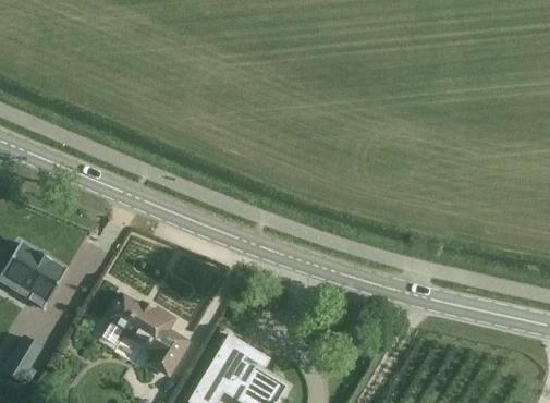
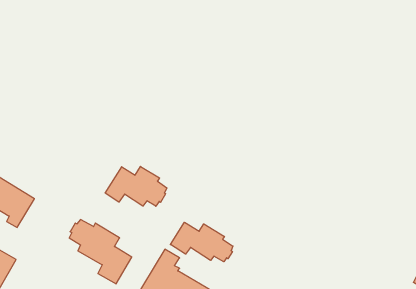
building: none -> [105,166,167,206]
building: none -> [170,222,233,262]

